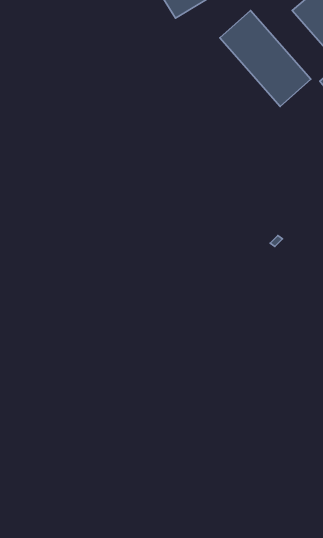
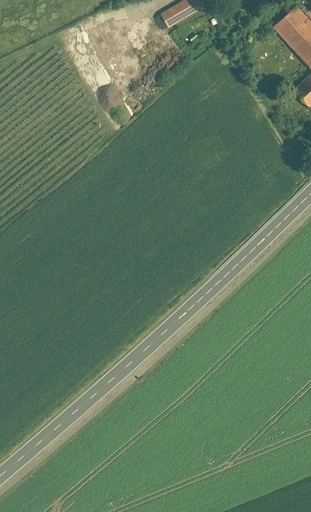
building: [220,10,311,106] -> none

